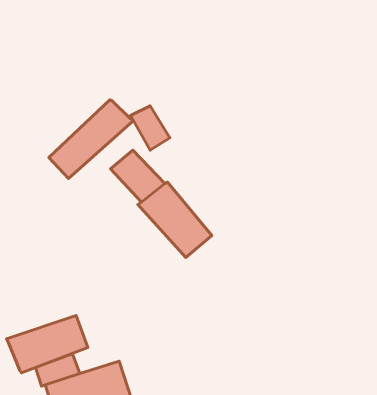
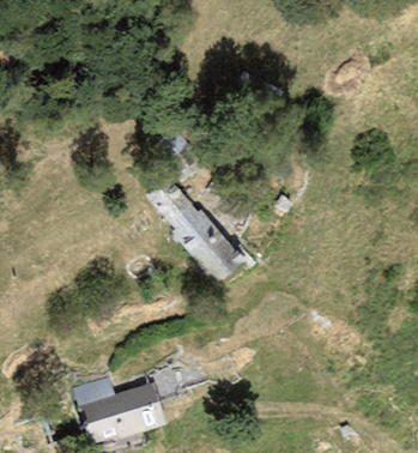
building: [49,100,133,179] -> none
building: [6,316,88,373] -> none

